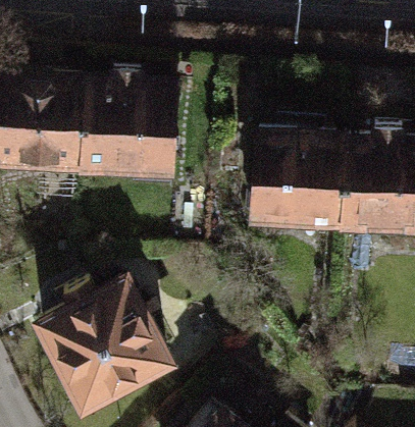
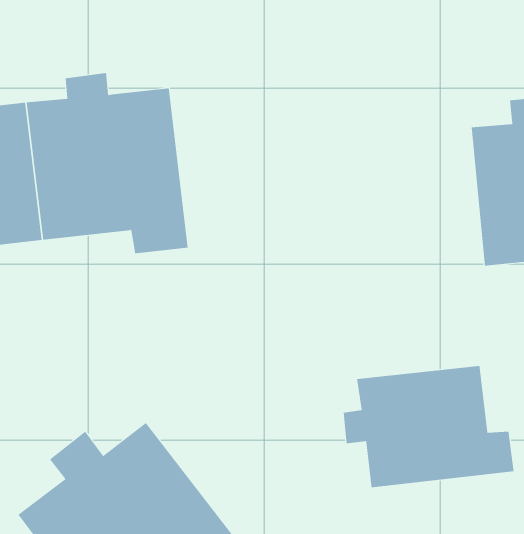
building: [253,139,348,227] -> none
building: none -> [343,365,514,488]

